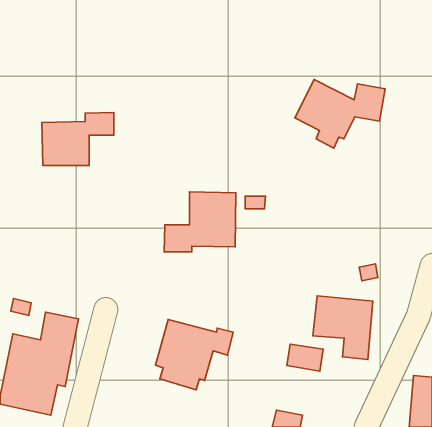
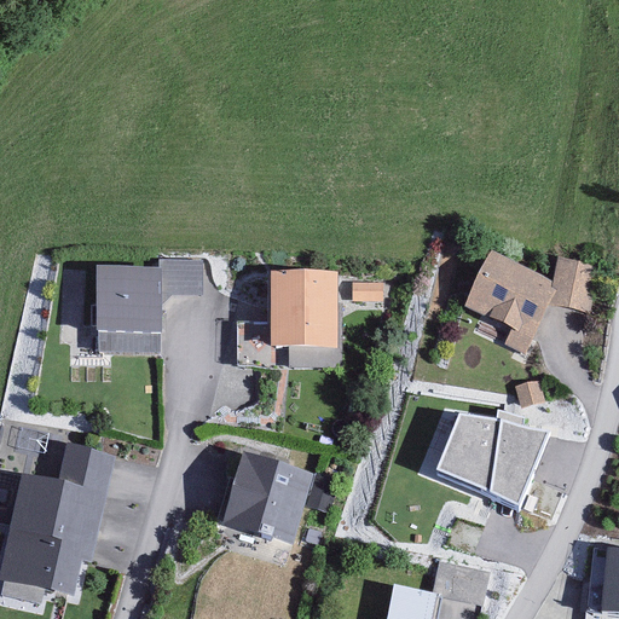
building: [295,80,385,148] -> [464,249,594,347]
building: [42,112,114,166] -> [97,258,199,334]
building: [287,344,323,371] -> [432,560,484,598]

